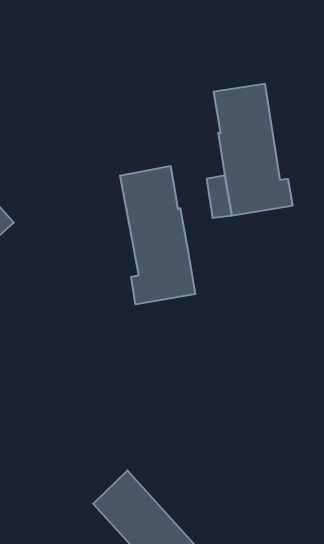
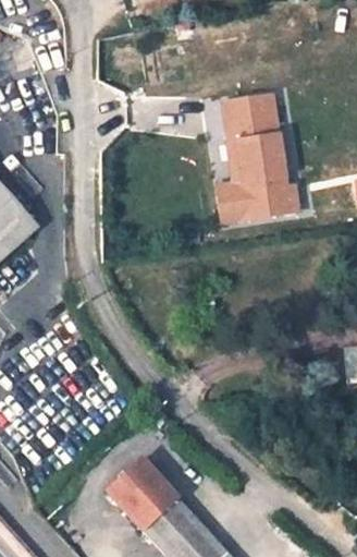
building: [120,166,195,304] -> none

